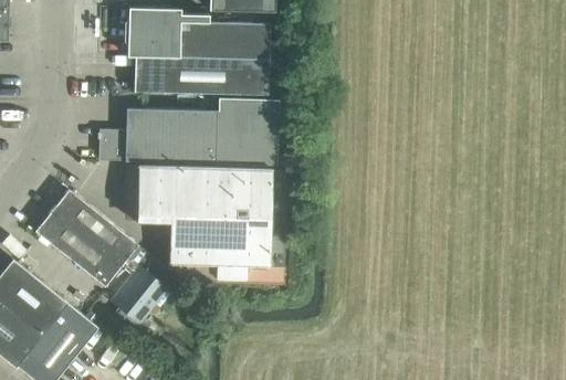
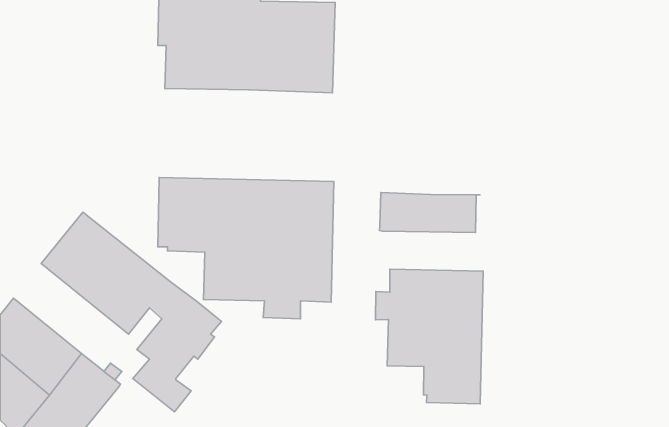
building: [99,98,282,166] -> none
building: none -> [380,192,480,232]
building: none -> [375,269,483,404]

